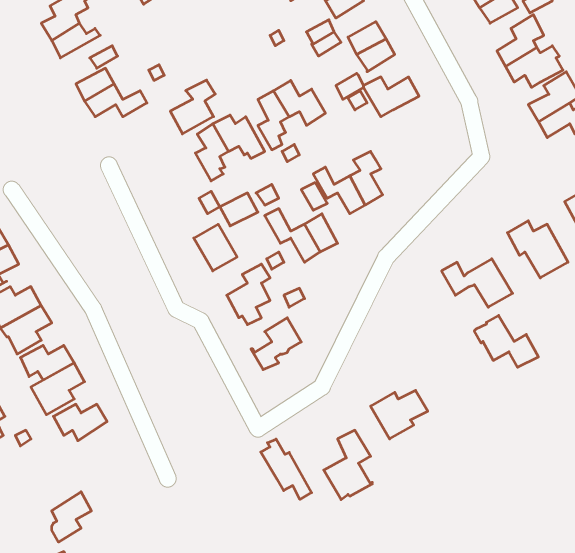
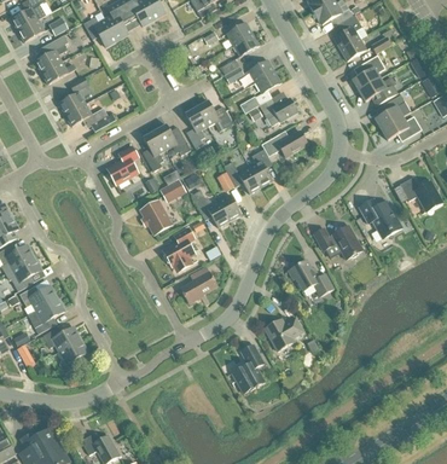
building: [170,80,215,134] -> [106,146,138,184]
building: none -> [261,130,307,157]
building: [474,315,538,367] -> [289,260,333,296]
building: [261,439,312,499] -> none
building: [52,492,91,542] -> [59,338,87,373]

